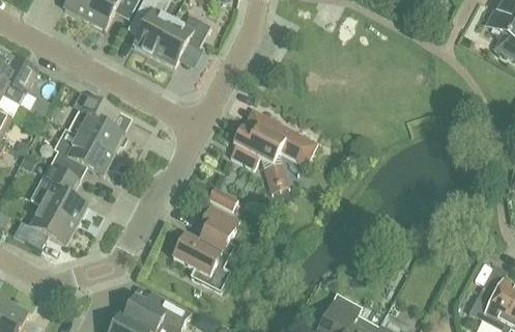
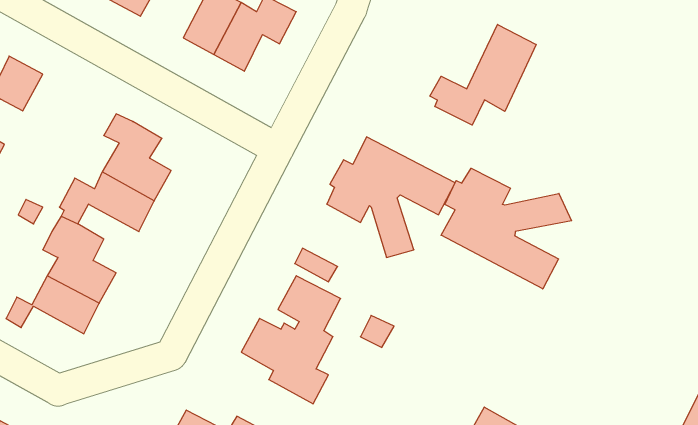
building: none -> [430,24,536,125]
building: none -> [441,168,572,289]

